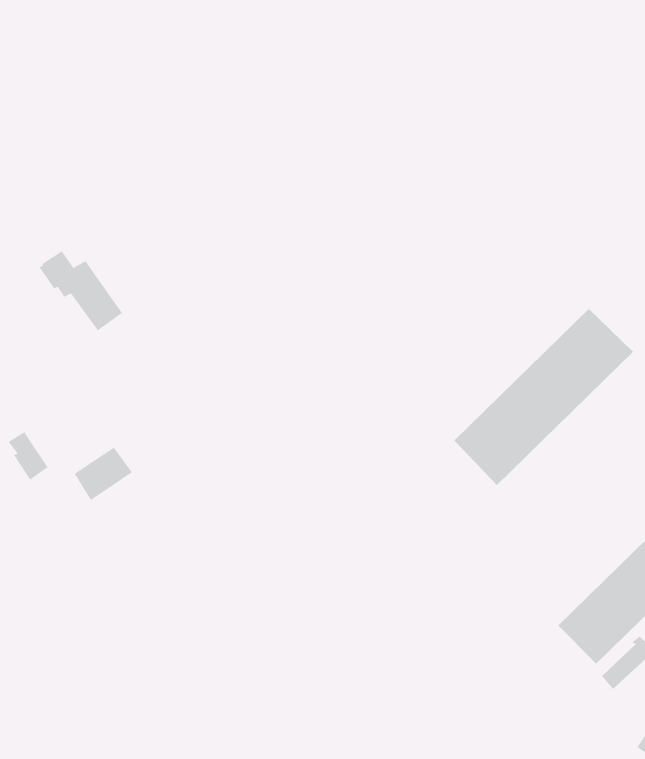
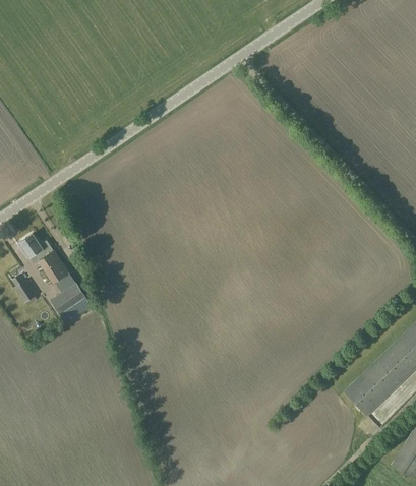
building: [39,250,123,331] -> [19,234,70,283]
building: [453,308,634,486] -> none

